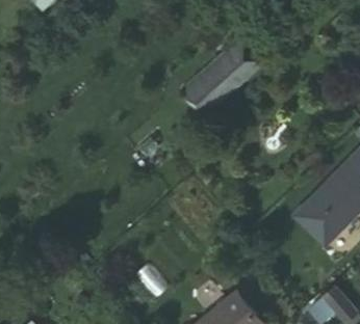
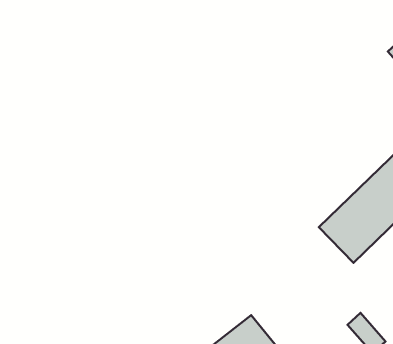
building: [187,38,259,108] -> none

